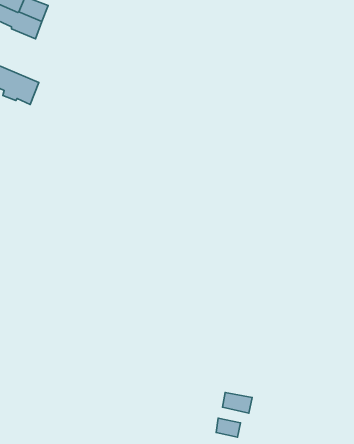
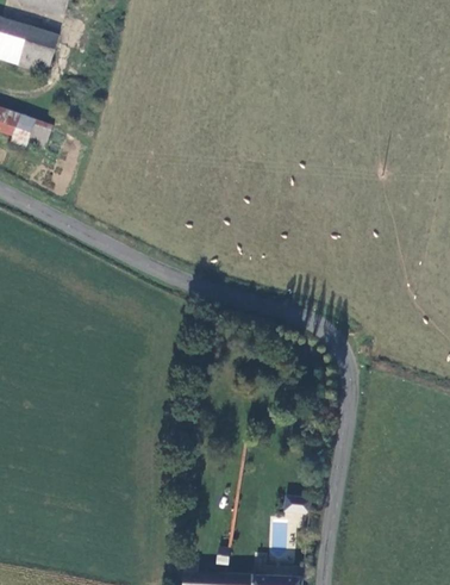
building: [222,392,252,413] -> none

